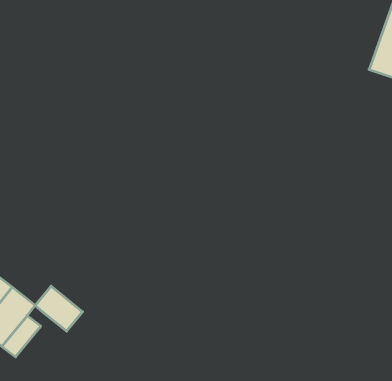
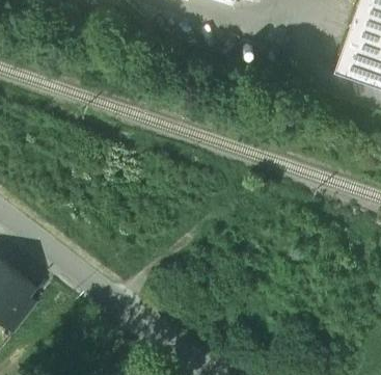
building: [35,286,83,331] -> none

